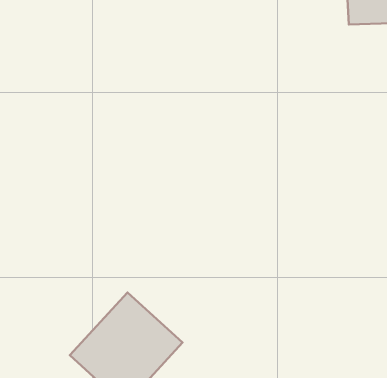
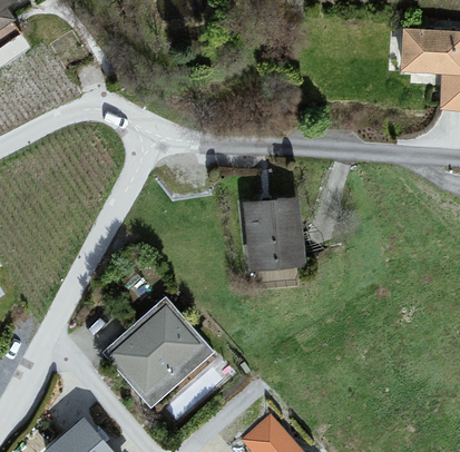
building: none -> [247,202,302,267]

